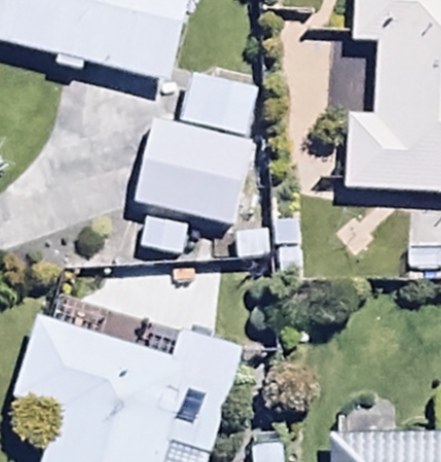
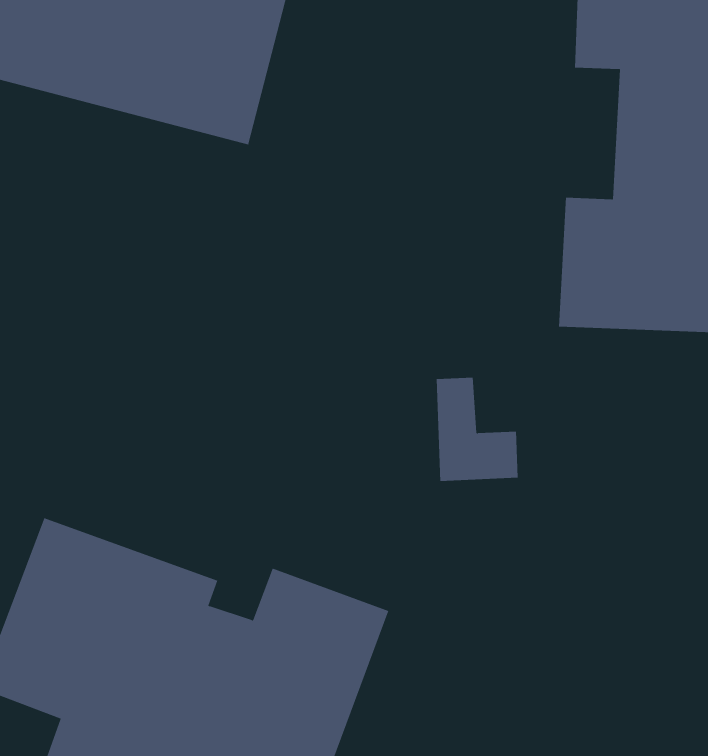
building: [134,70,258,226] -> none

